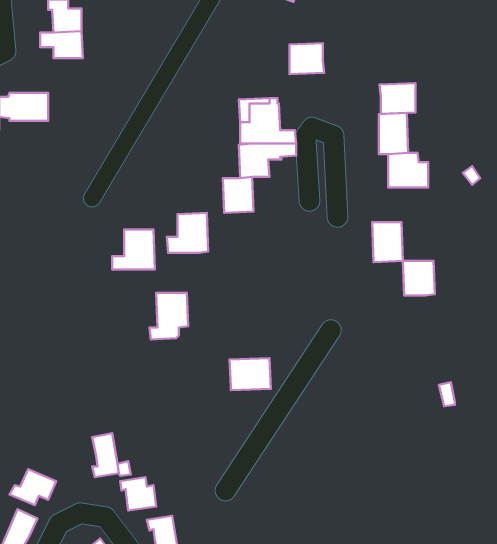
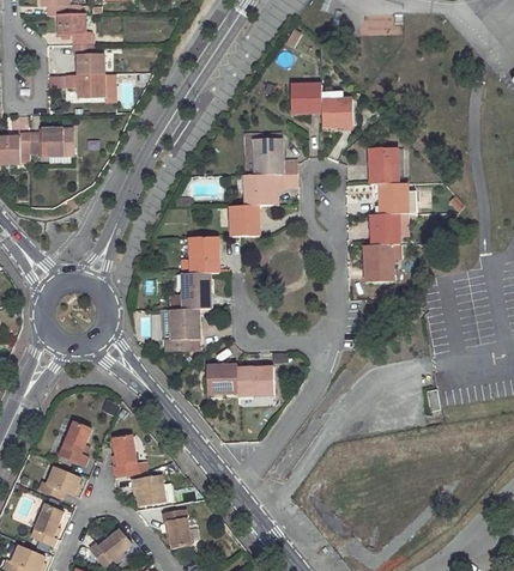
building: [380,83,416,114] -> [321,99,353,127]
building: [112,230,155,270] -> [173,273,211,309]
building: [403,261,435,296] -> [371,214,400,245]
building: none -> [207,365,238,393]
building: none -> [60,421,92,467]

